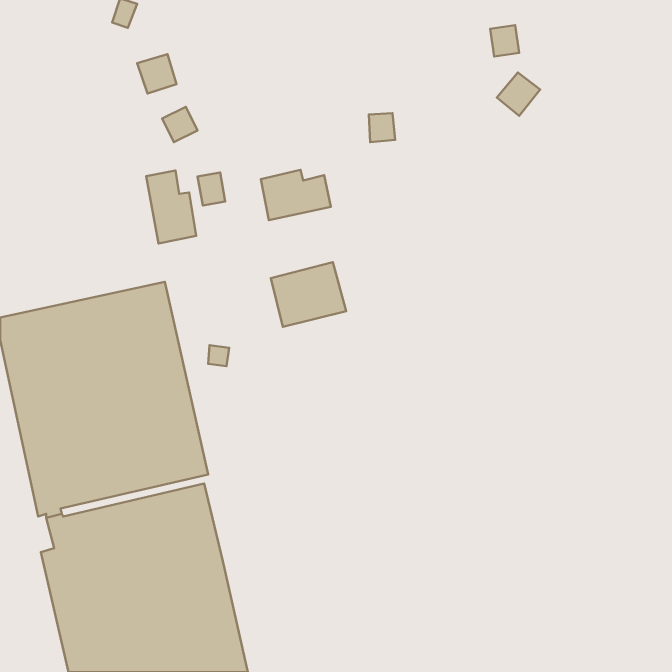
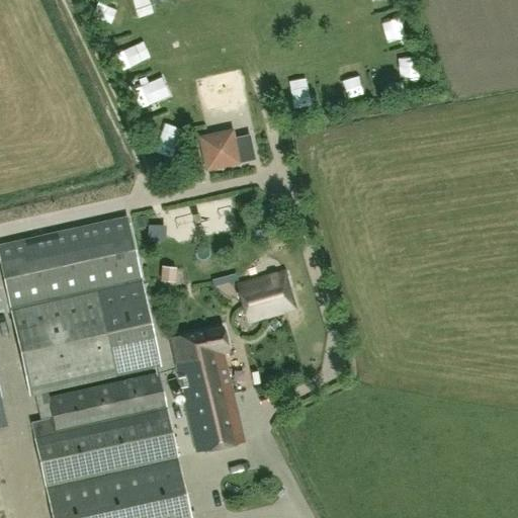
building: [146,171,196,244] -> none
building: [271,262,346,327] -> [239,271,296,321]
building: none -> [169,325,245,452]

